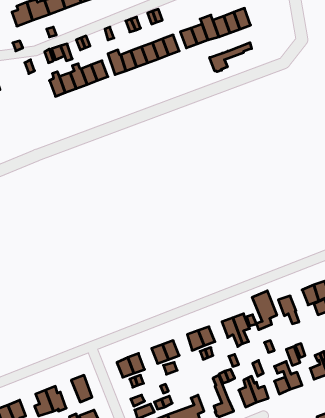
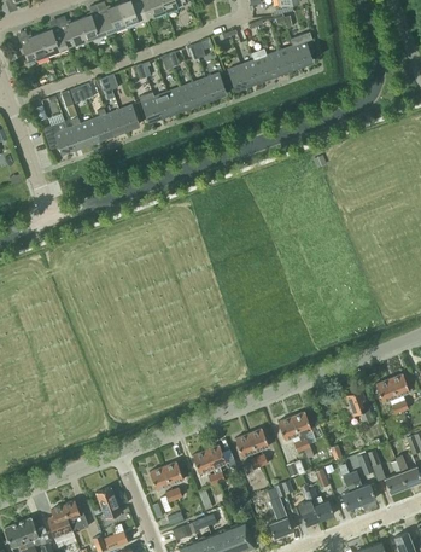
building: [210,43,252,72] -> none
building: none -> [43,120,75,152]
building: [252,291,277,330] -> none

